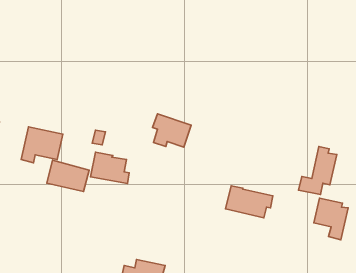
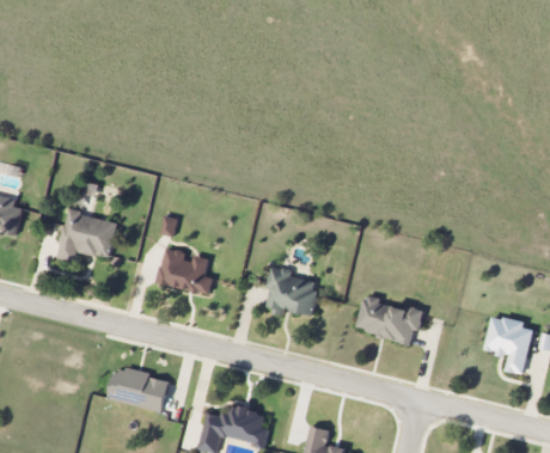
building: [153,114,191,147] -> [264,267,320,316]
building: [298,146,337,194] -> none
building: [47,160,89,191] -> [109,366,171,411]

